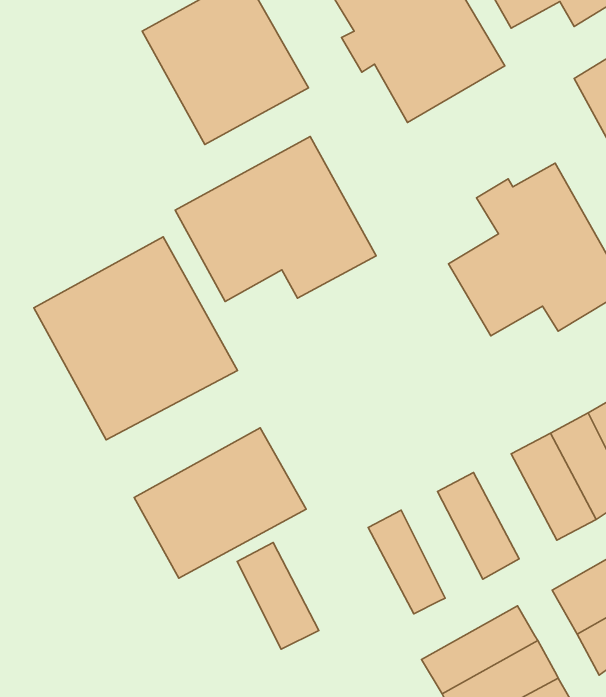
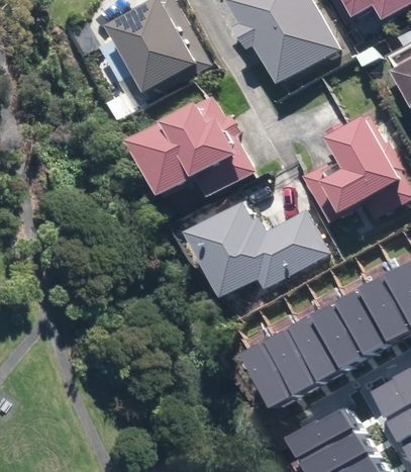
building: [34,237,237,440] -> none
building: none -> [184,202,331,300]
building: [134,428,306,578] -> none
building: none -> [318,299,372,367]
building: [237,543,319,649] -> [272,323,324,392]

